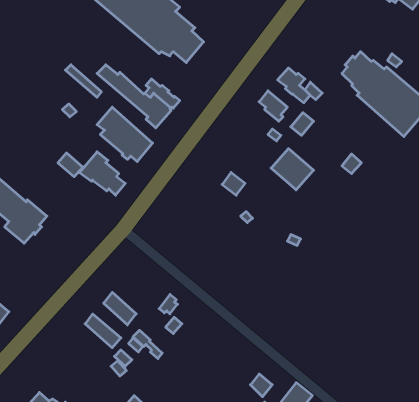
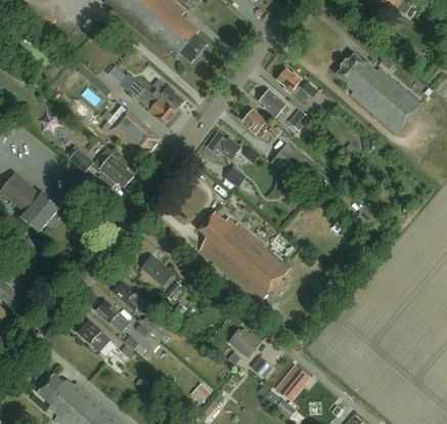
building: none -> [242,110,270,137]
building: none -> [209,133,240,159]
building: none -> [199,211,290,301]
building: none -> [142,255,174,286]
building: none -> [77,319,110,351]
building: none -> [228,329,261,357]

